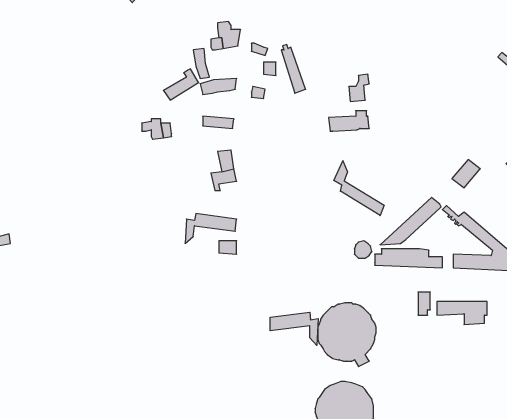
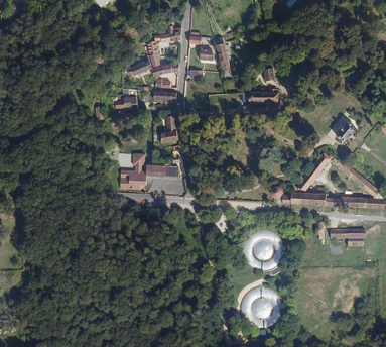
building: [334,161,384,216] -> none
building: none -> [120,149,148,187]
building: [270,312,318,345] -> none

